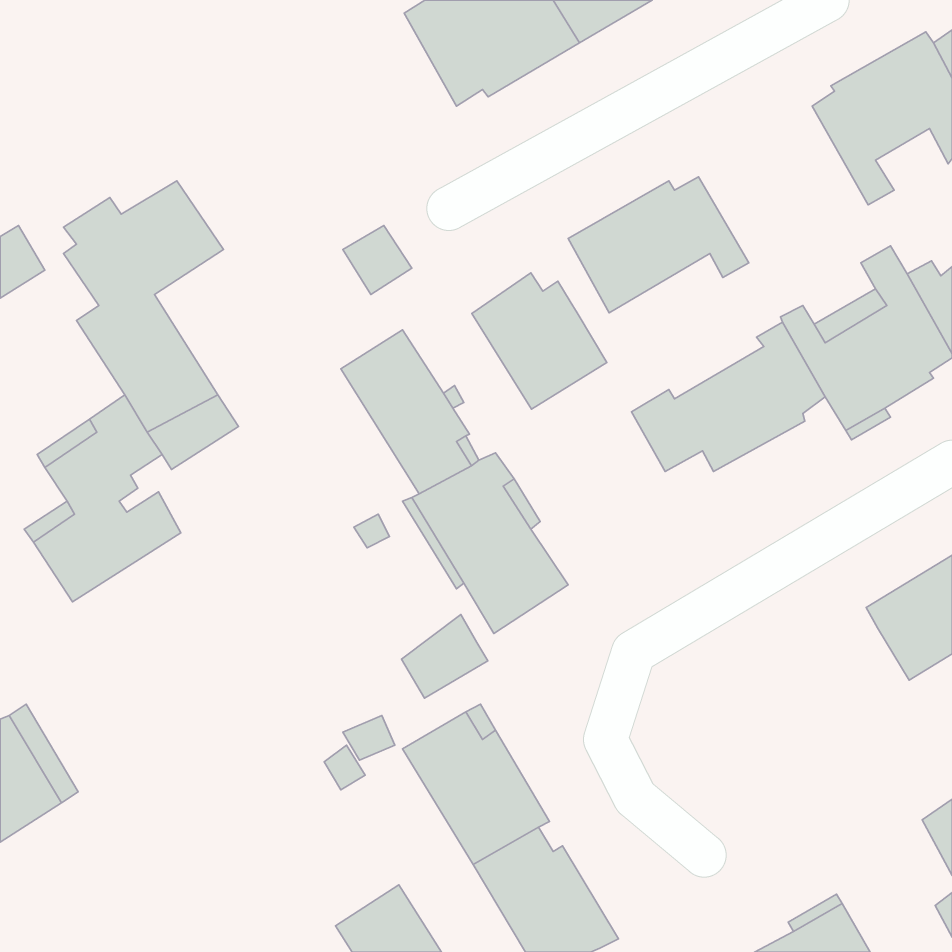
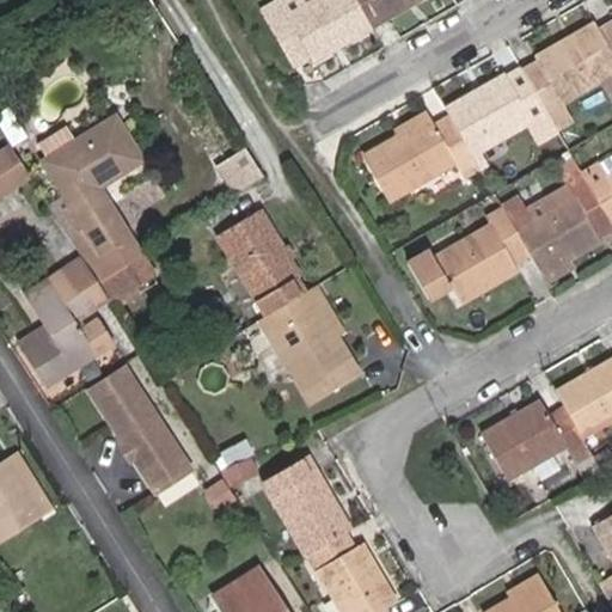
building: none -> [443,66,557,177]
building: [472,273,607,409] -> none
building: none -> [87,363,190,490]
building: [401,615,488,698] -> none
building: none -> [482,399,600,479]

